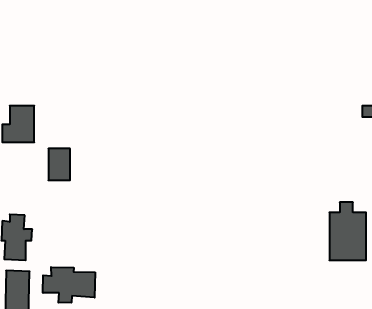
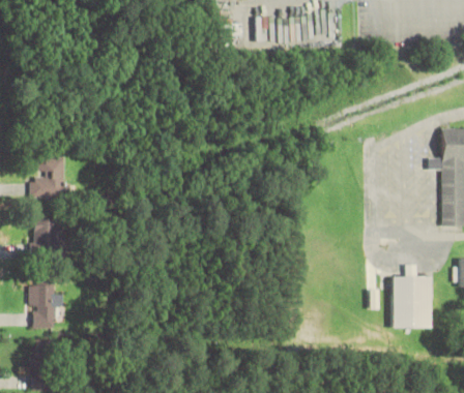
building: [48,149,70,180] -> [34,218,58,253]
building: [43,267,95,303] -> none

